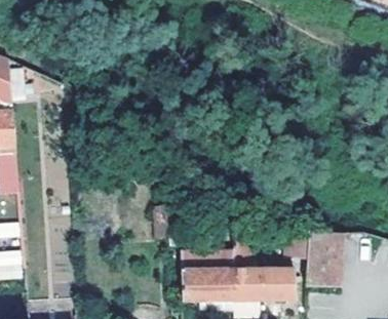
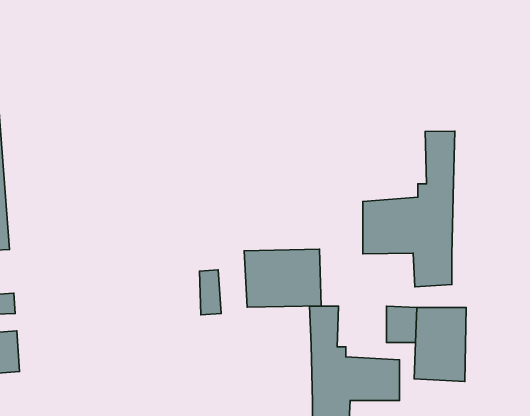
building: none -> [363,131,455,287]
building: [179,261,233,302] -> [244,249,321,307]

